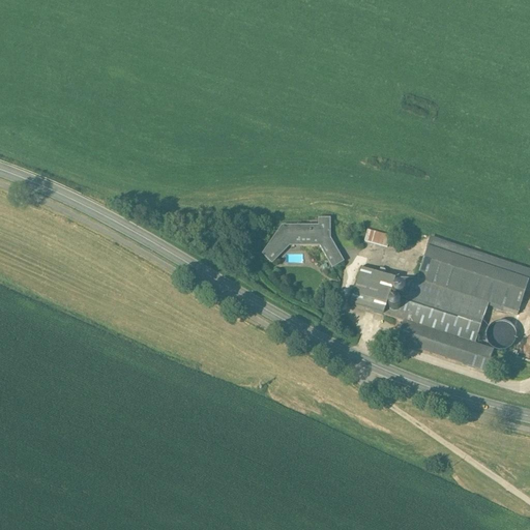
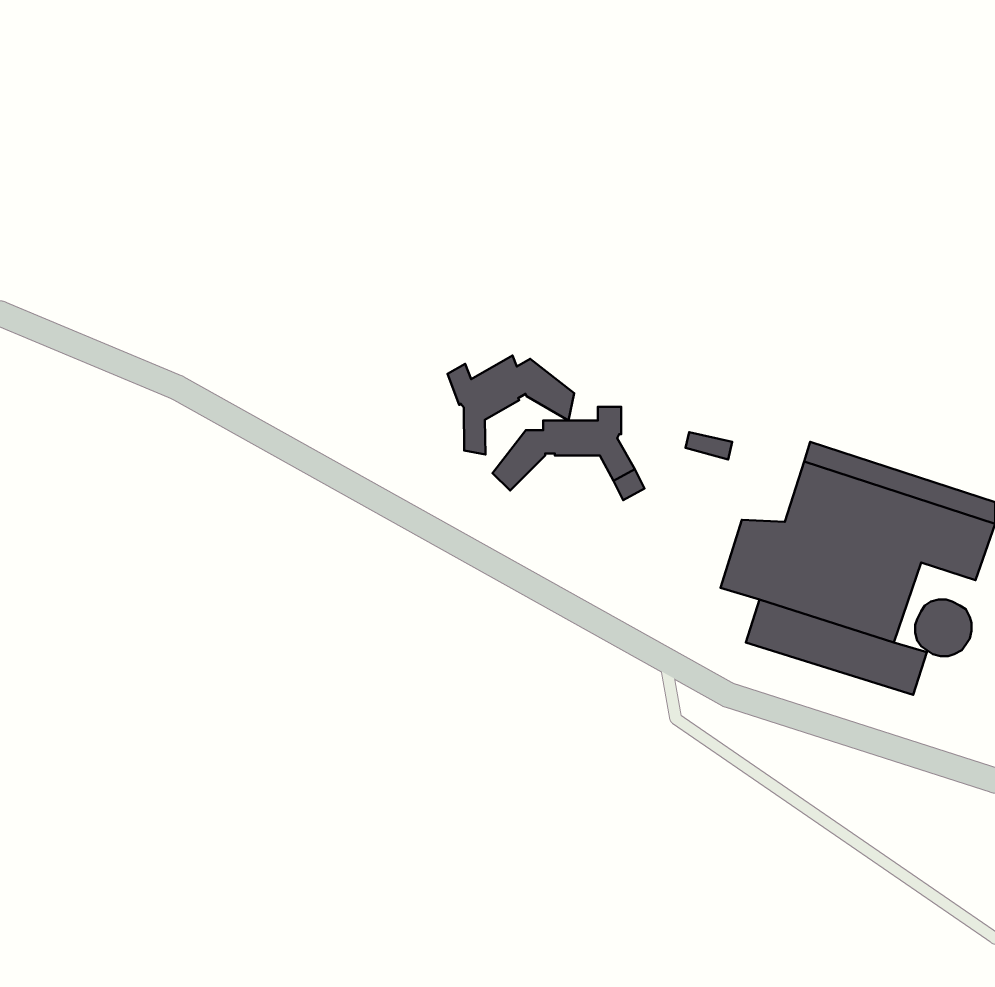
building: none -> [447,356,574,454]
building: [351,266,394,313] -> none

